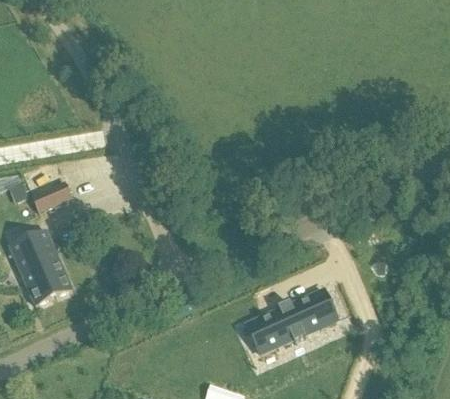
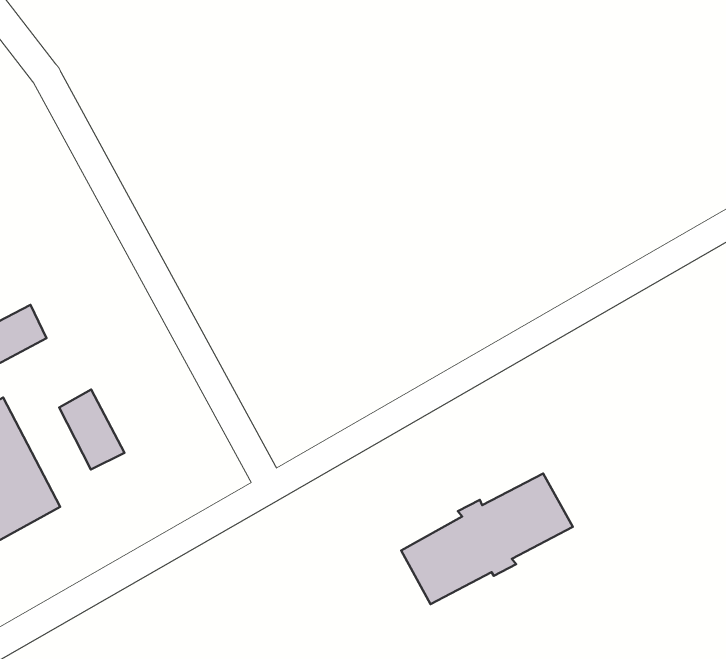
building: none -> [59,389,124,470]

